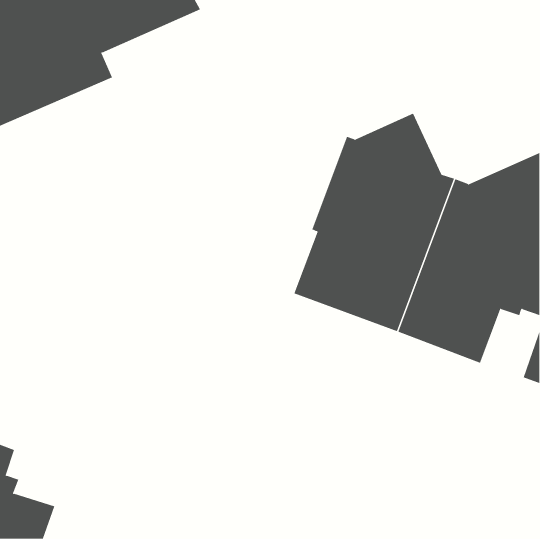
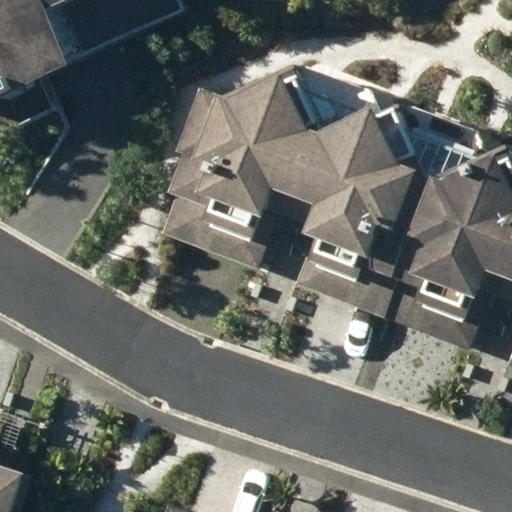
building: none -> [147,70,326,257]

